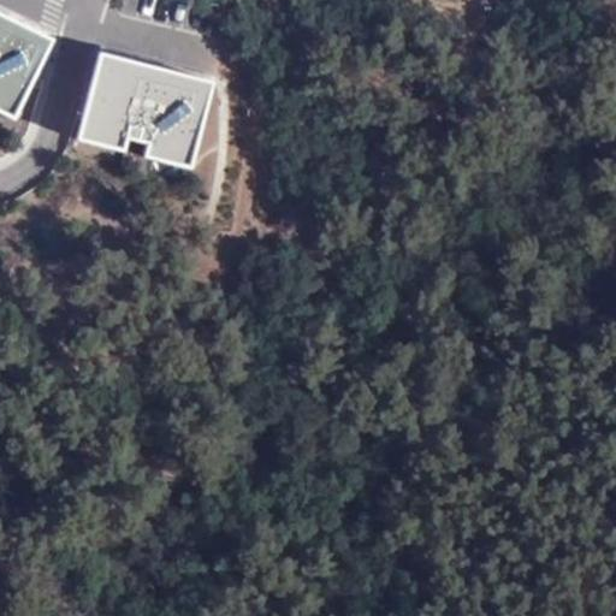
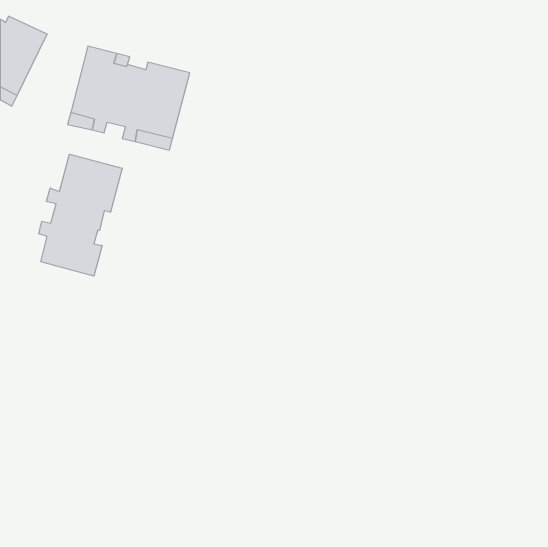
building: none -> [39,154,122,276]

